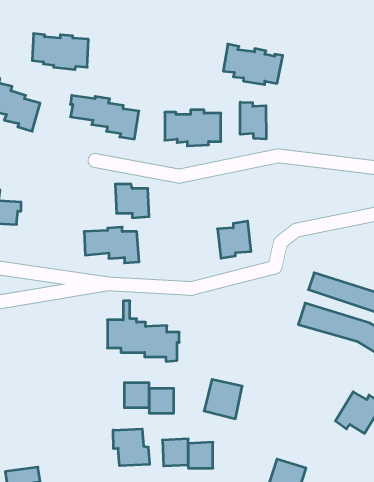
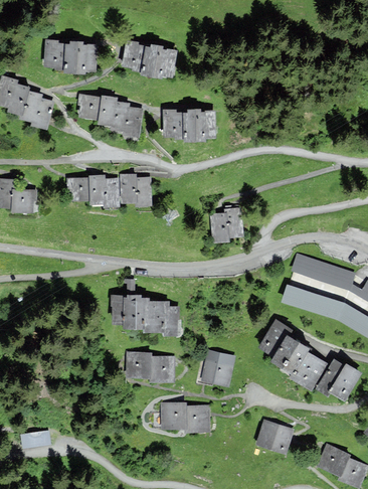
building: [223,44,283,85] -> [123,40,176,76]
building: [240,102,266,139] -> none
building: [84,227,139,263] -> [68,175,118,207]
building: none -> [259,321,324,388]
building: [113,429,150,466] -> none

